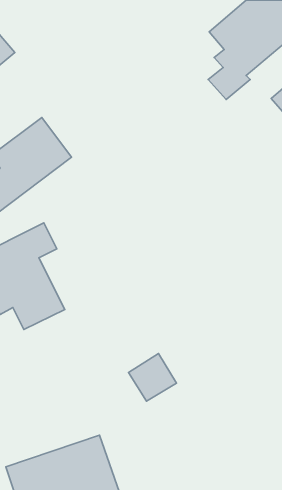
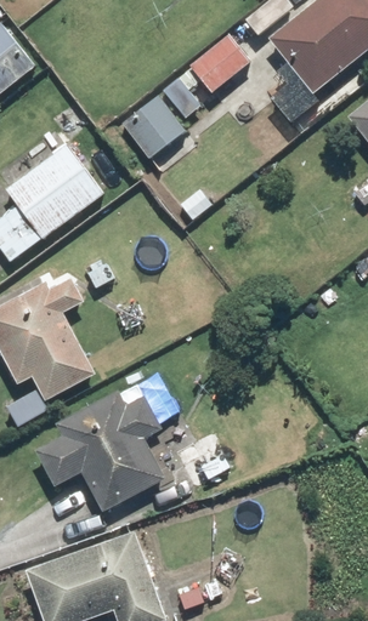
building: none -> [168,34,249,101]
building: none -> [120,93,189,161]
building: none -> [35,376,169,513]

